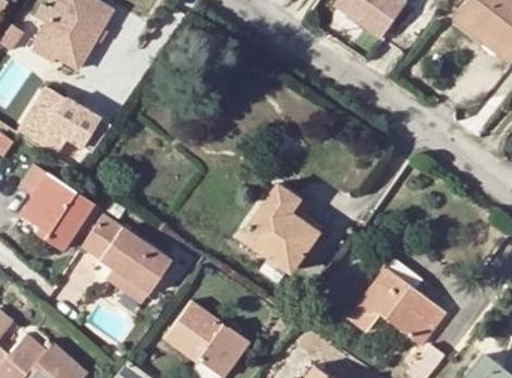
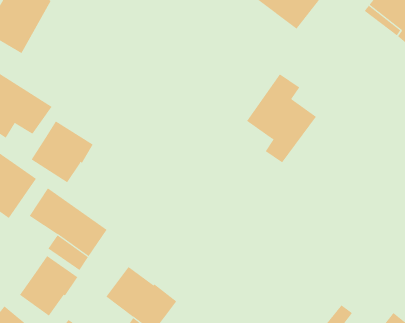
building: none -> [31,120,94,183]
building: [239,184,317,283] -> [246,74,317,163]
building: [351,258,444,343] -> none
building: none -> [19,255,78,316]

